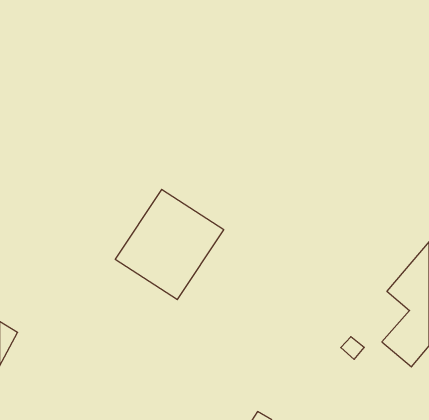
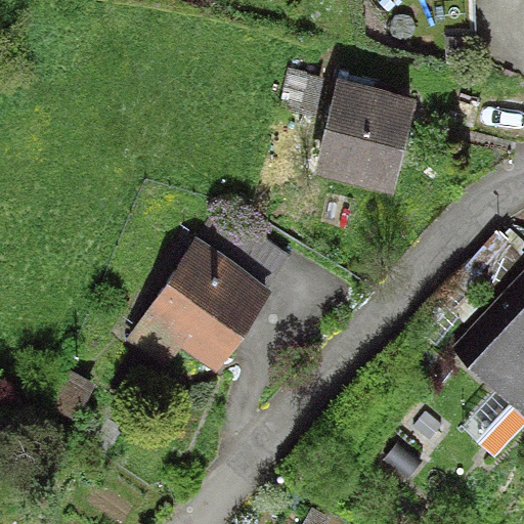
building: none -> [312,71,418,181]

